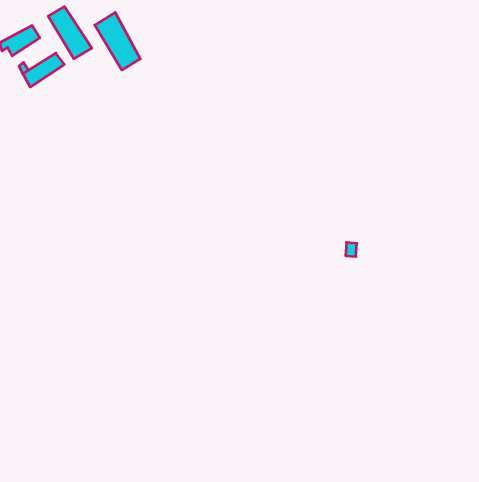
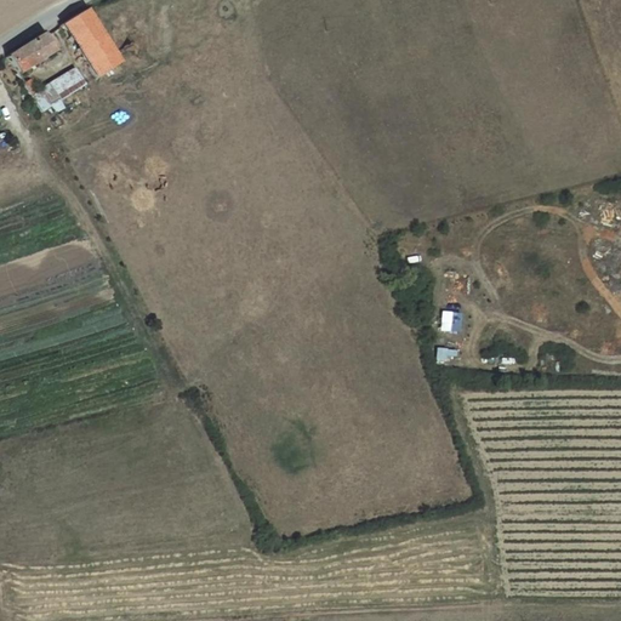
building: [95,12,140,70] -> none

